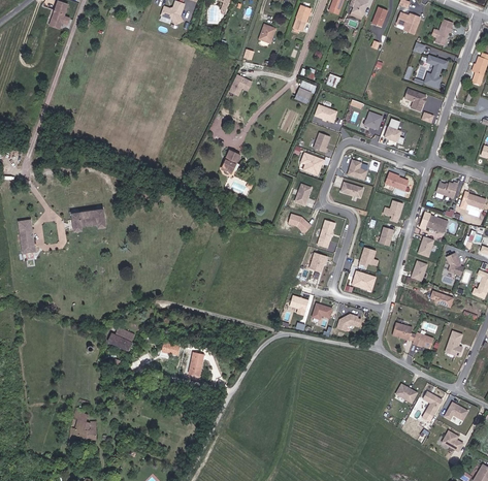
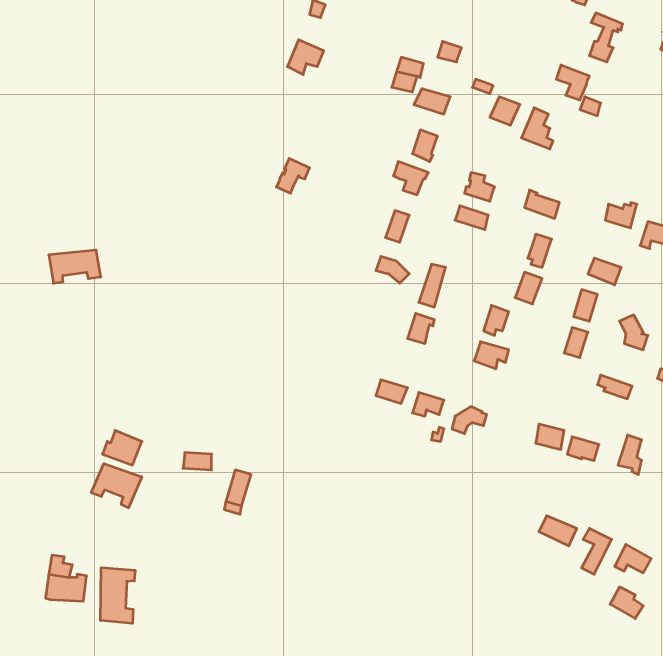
building: none -> [91,464,142,508]
building: none -> [101,568,135,623]

